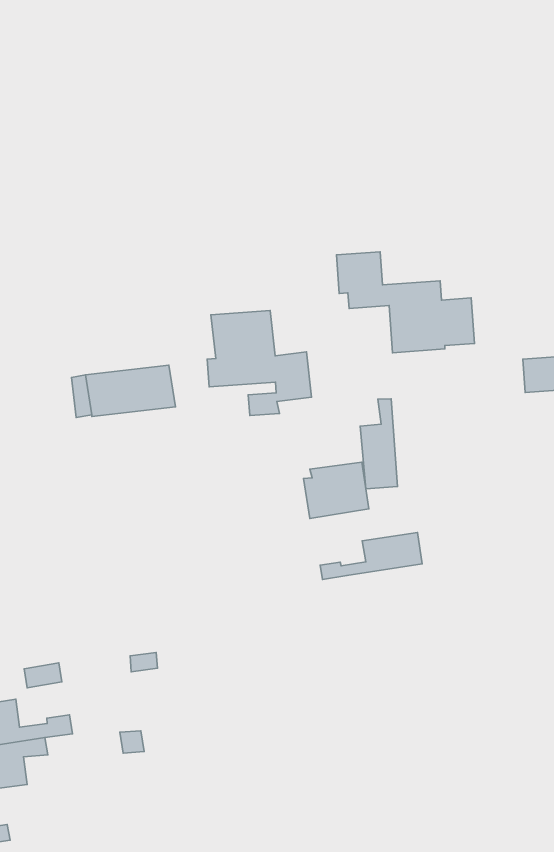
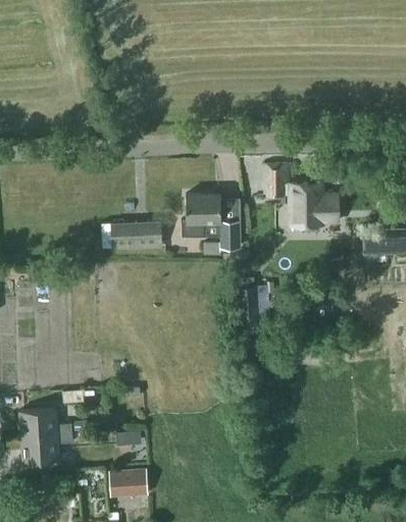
building: [360,399,398,489] -> none
building: [320,532,422,580] -> none
building: none -> [110,471,148,495]

